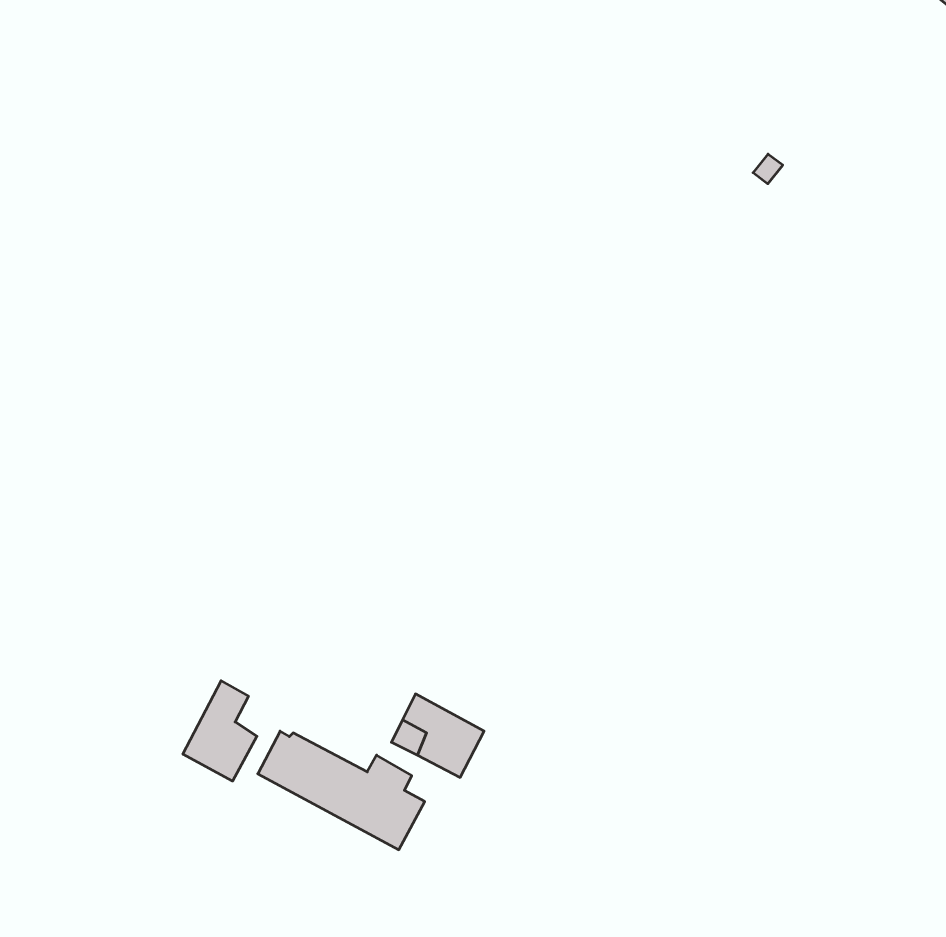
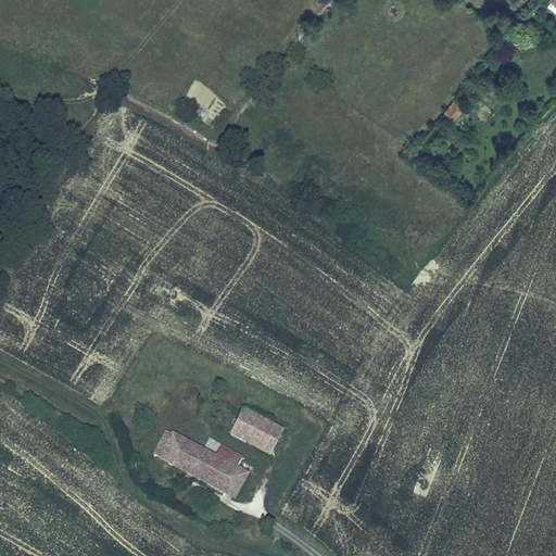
building: [183,681,257,781] -> none

